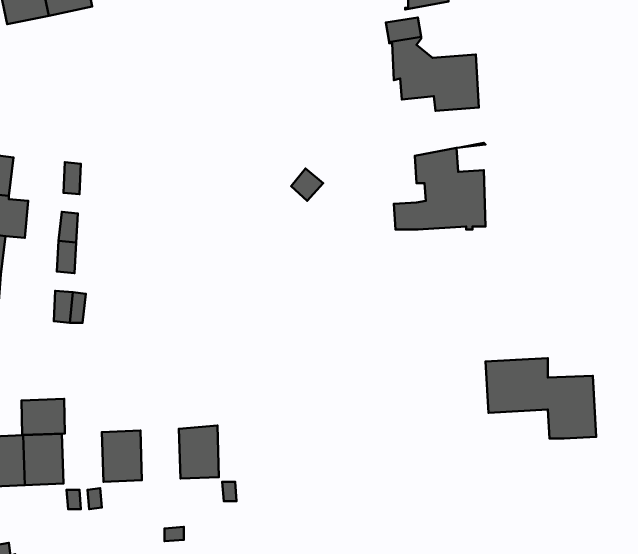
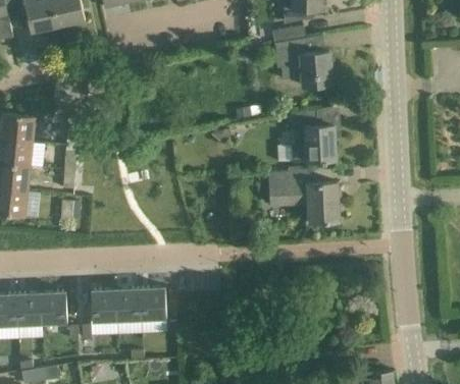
building: [485,358,596,438] -> [269,172,340,223]
building: [21,399,65,435] -> none
building: none -> [116,289,142,322]

